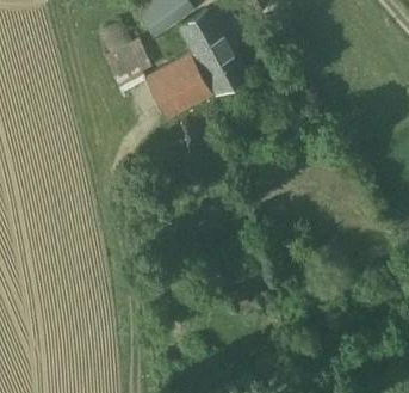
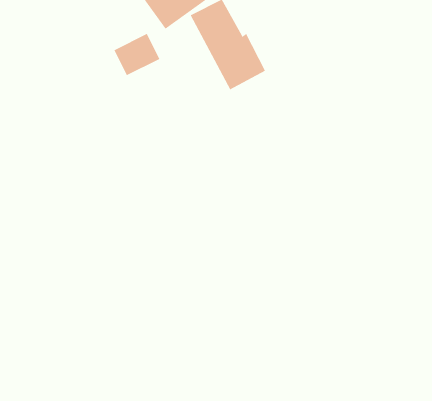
building: [145,53,212,117] -> none

